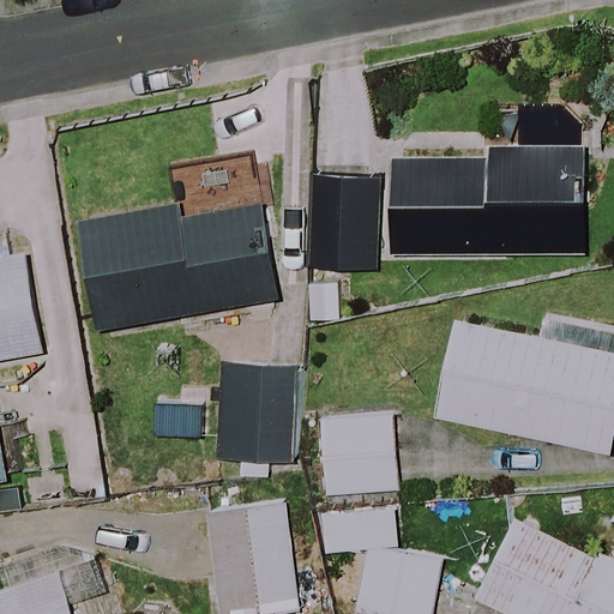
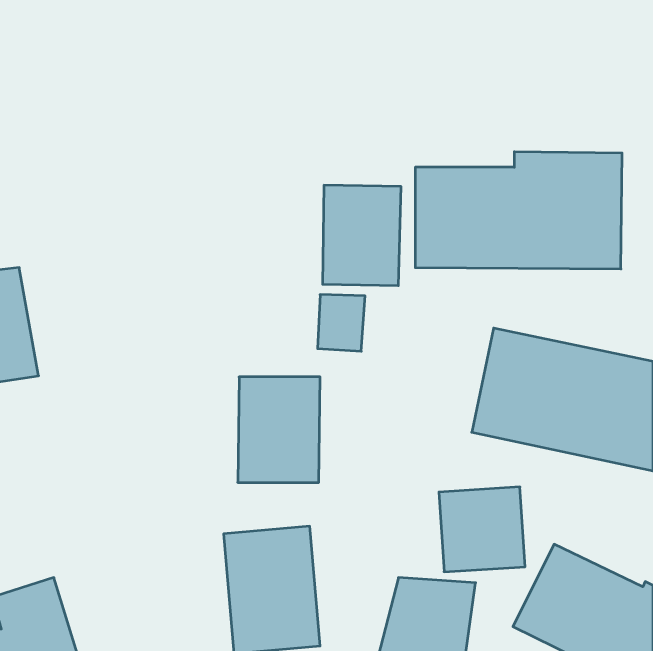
building: [72,201,272,332] -> none
building: [323,414,403,493] -> [439,487,525,572]

